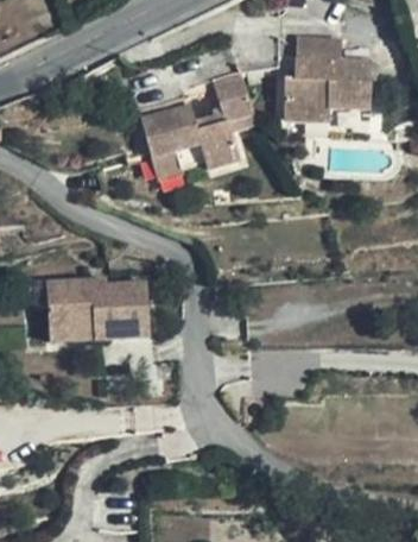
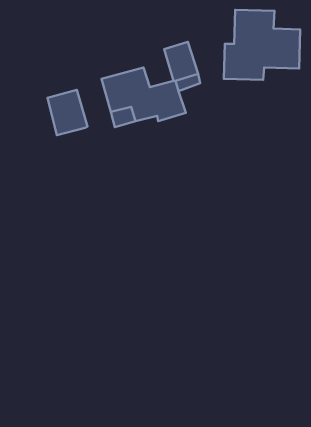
building: none -> [48,90,87,135]
building: [48,277,148,338] -> none

